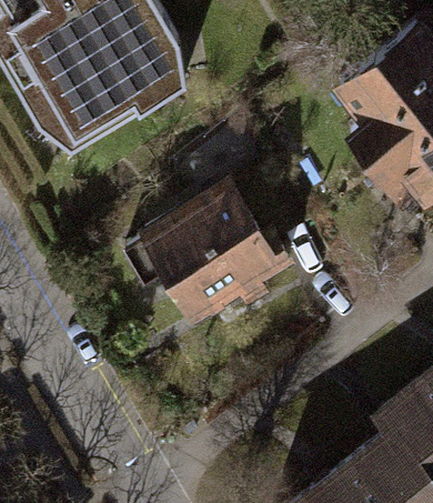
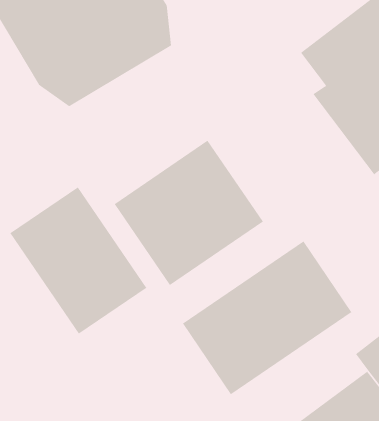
building: none -> [10,186,147,334]
building: none -> [182,241,352,395]

